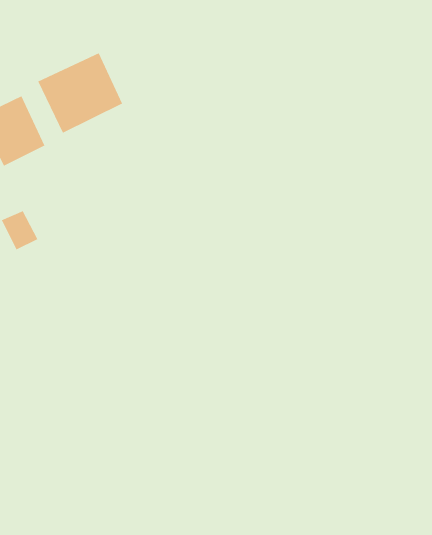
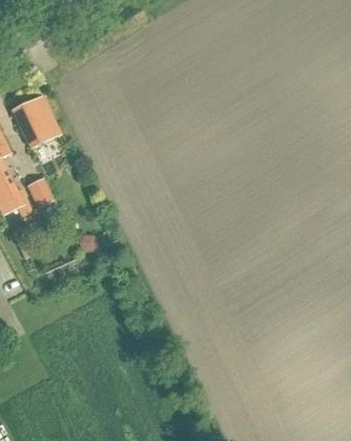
building: [37,52,123,134] -> none

